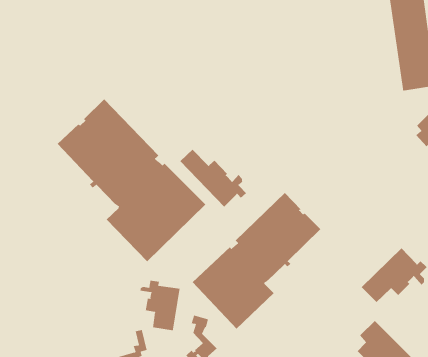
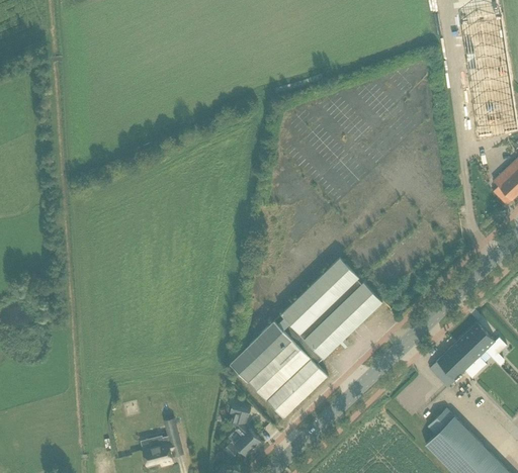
building: [57,98,206,262] -> none
building: [180,149,247,207] -> none
building: [140,280,180,331] -> none

